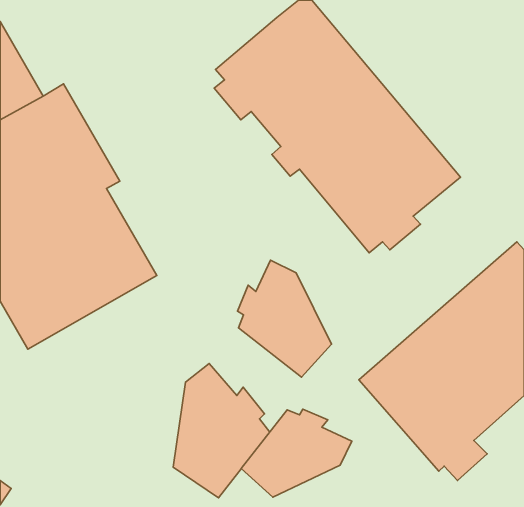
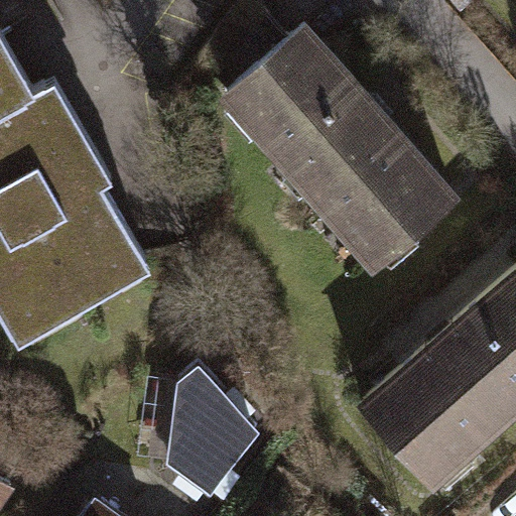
building: [237,260,332,377] -> none
building: [241,409,352,497] -> none

